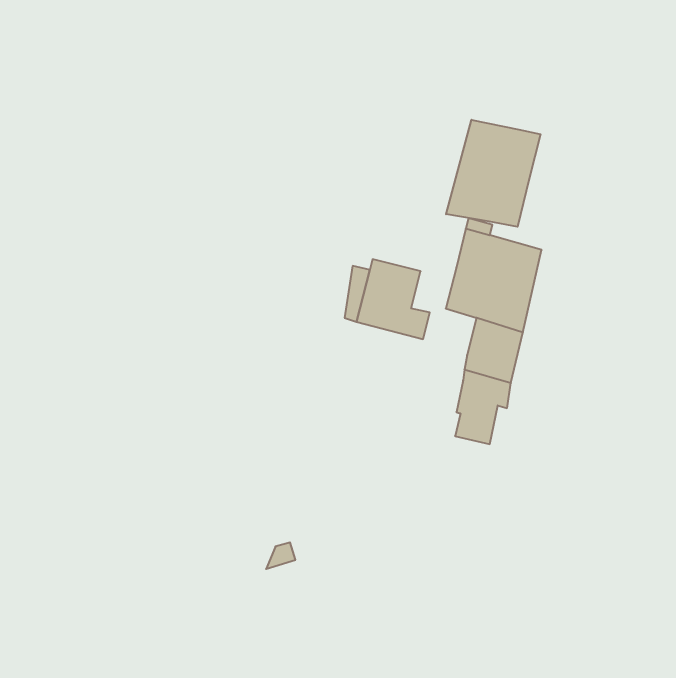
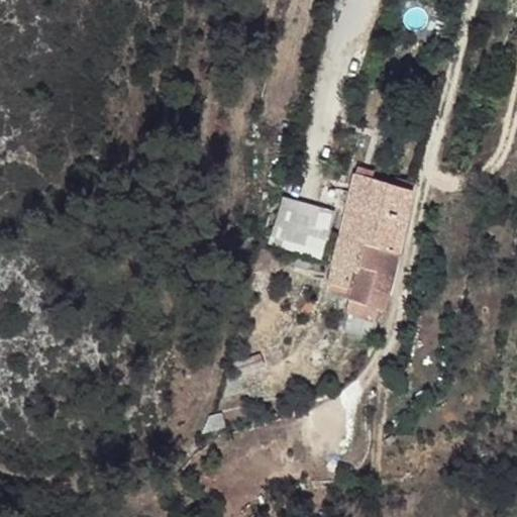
building: [446,120,541,227] -> none
building: none -> [329,234,365,288]

